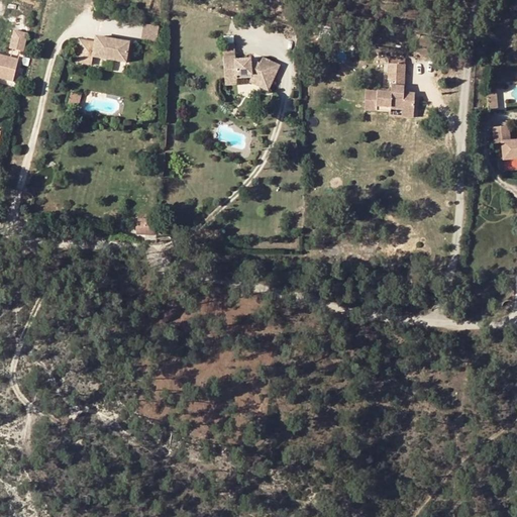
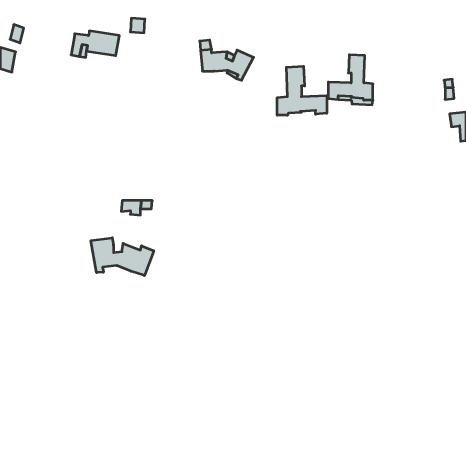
building: none -> [277,66,327,115]
building: none -> [91,238,154,276]

